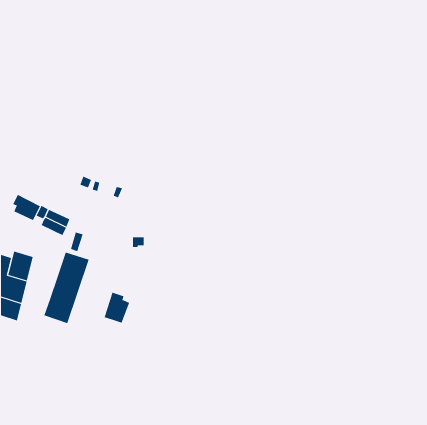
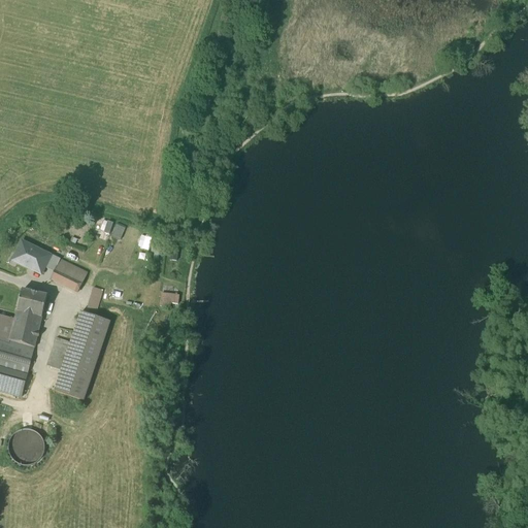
building: none -> [16,289,47,317]
building: none -> [46,336,70,369]
building: [103,292,130,324] -> none
building: none -> [8,428,43,463]

